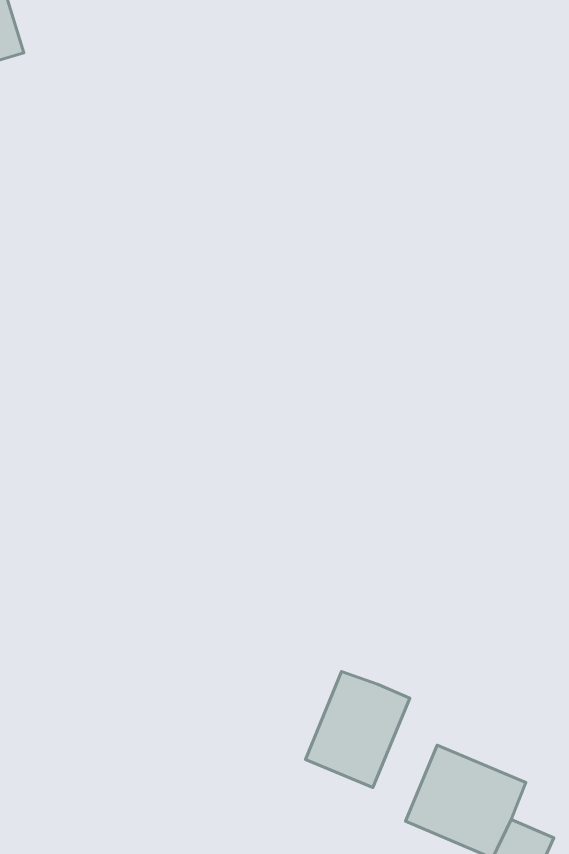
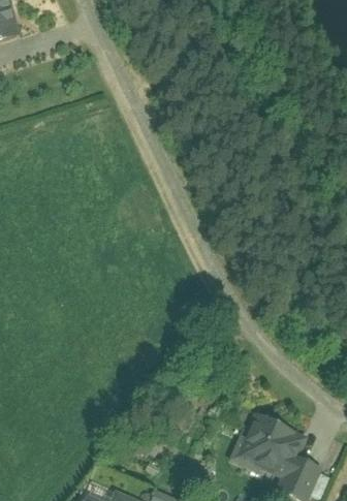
building: [306,671,410,788] -> none

